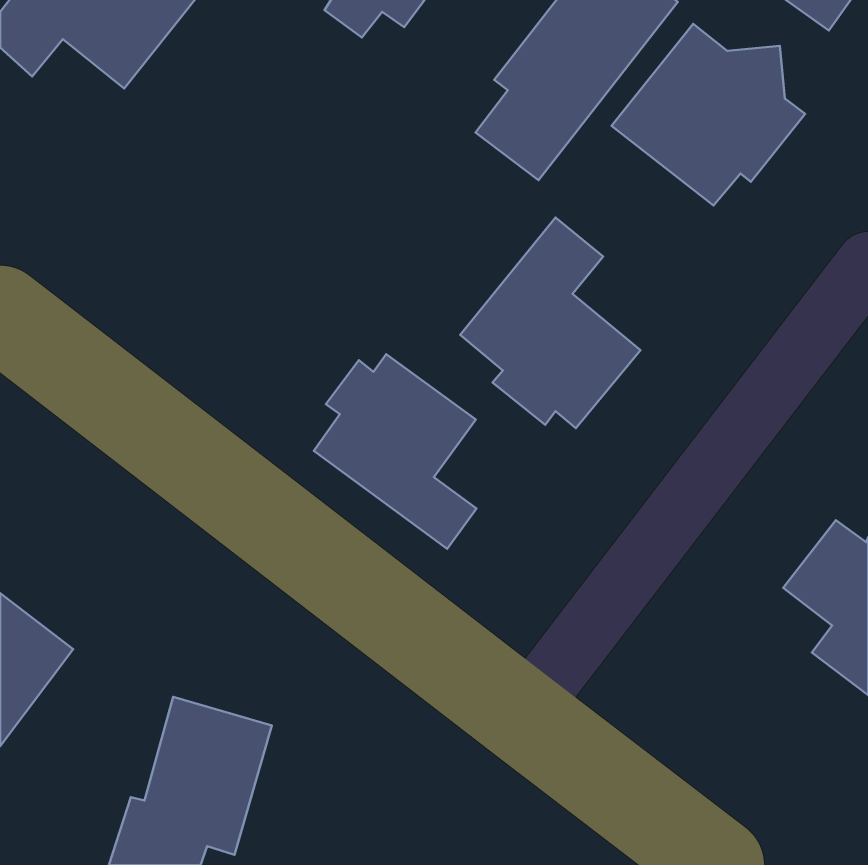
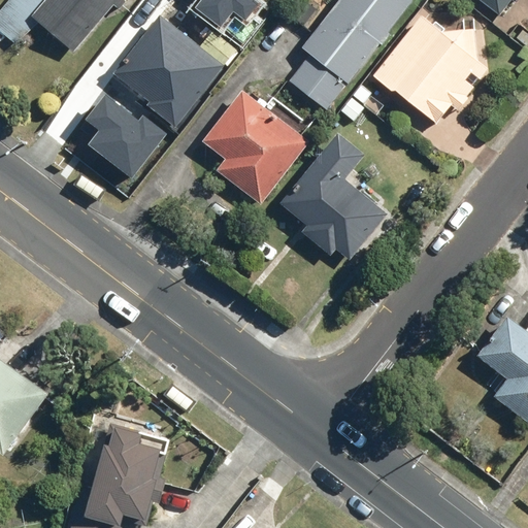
building: none -> [112,13,224,127]
building: none -> [201,89,310,205]
building: none -> [87,94,165,174]
building: [314,354,476,549] -> none

